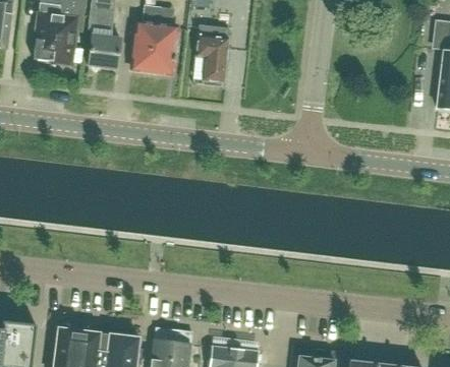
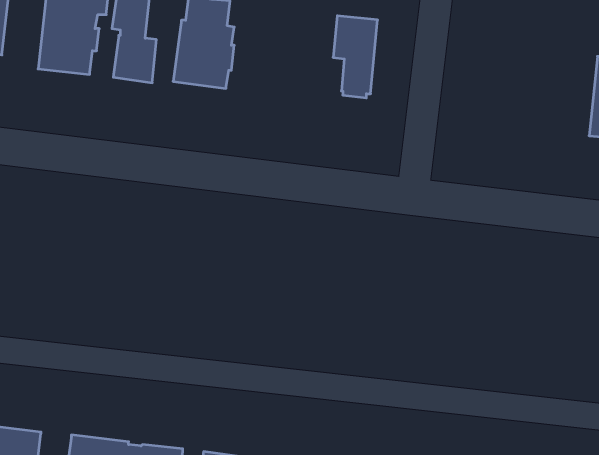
building: [195,26,228,86] -> [333,16,378,98]

